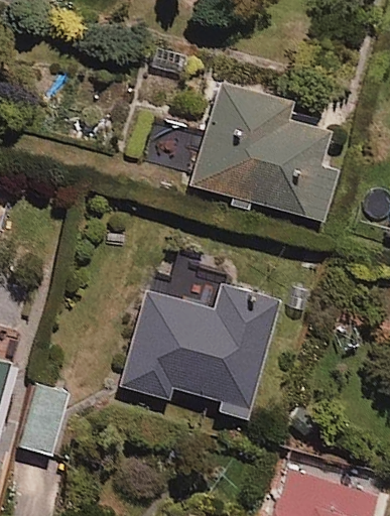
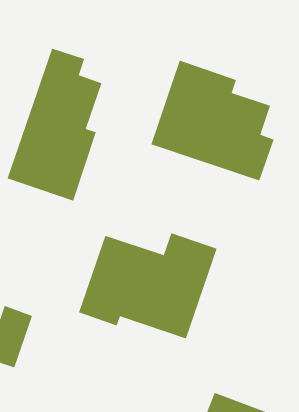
building: none -> [7,48,102,201]

